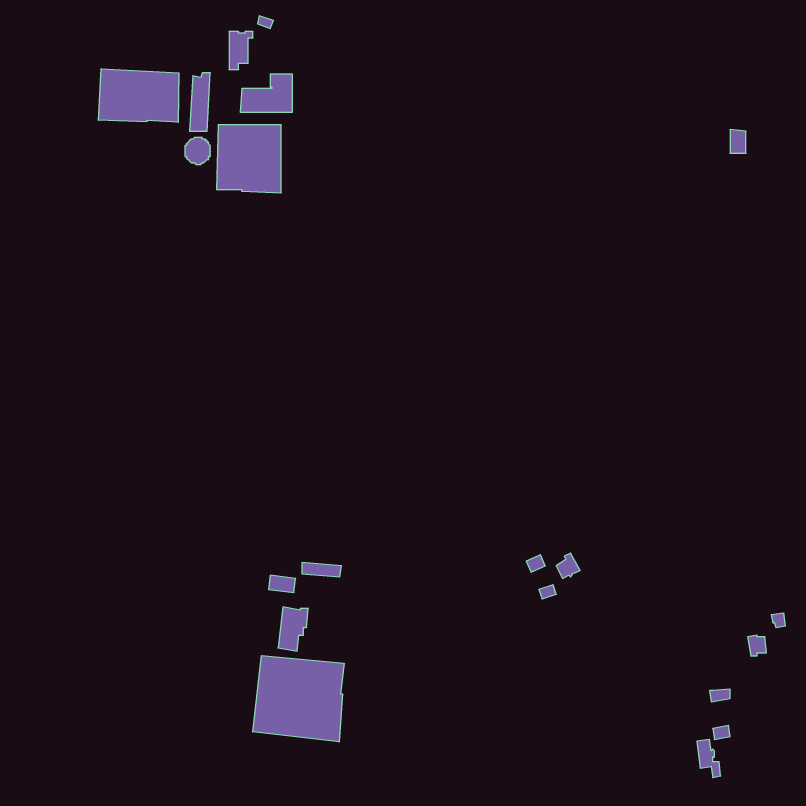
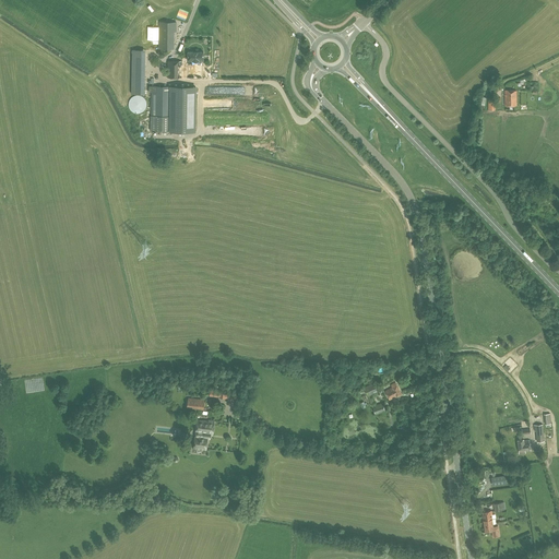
building: [98,69,179,122] -> none
building: [253,656,344,742] -> none

